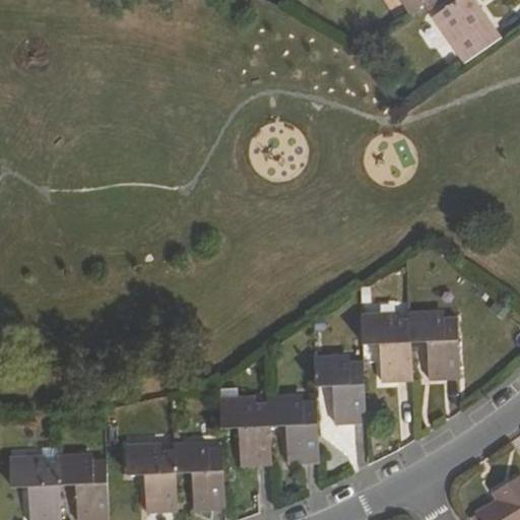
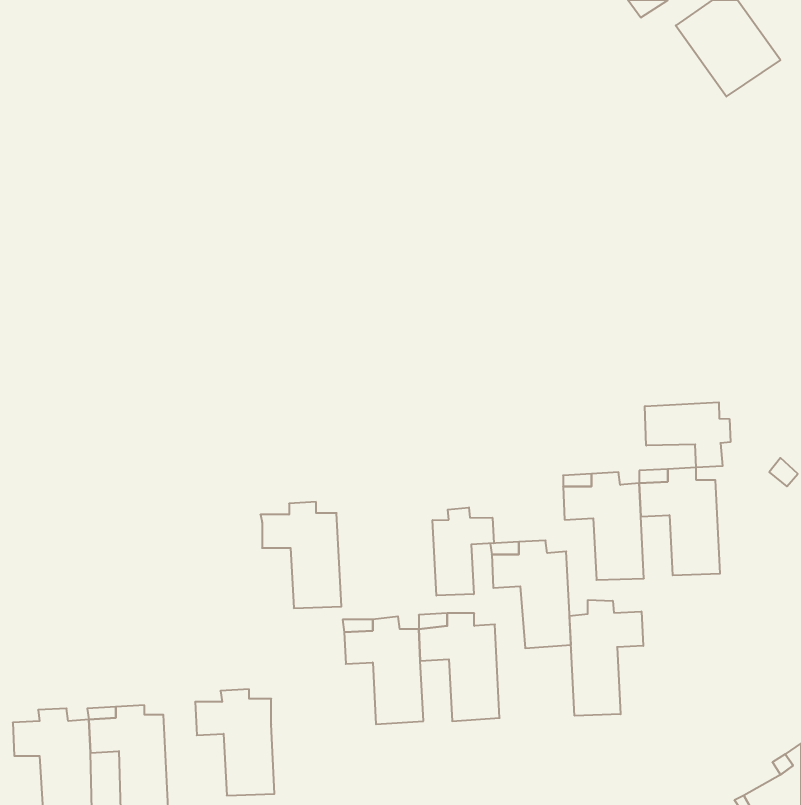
building: none -> [645,402,730,467]
building: none -> [433,507,494,596]
building: none -> [570,600,643,716]
building: [173,438,224,506] -> [260,502,341,608]

